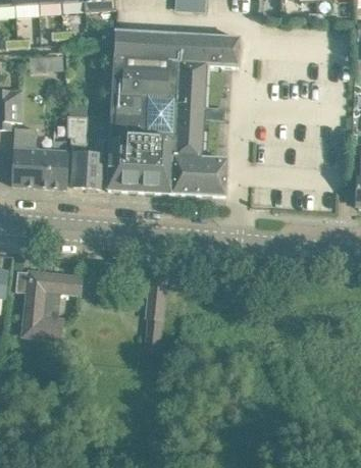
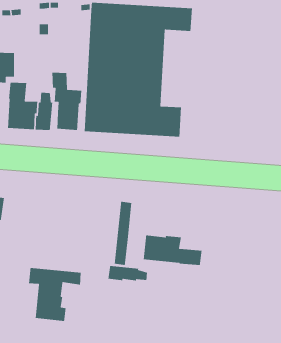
building: [14,270,80,337] -> [28,267,82,322]
building: none -> [143,235,202,266]
building: none -> [108,265,148,281]

